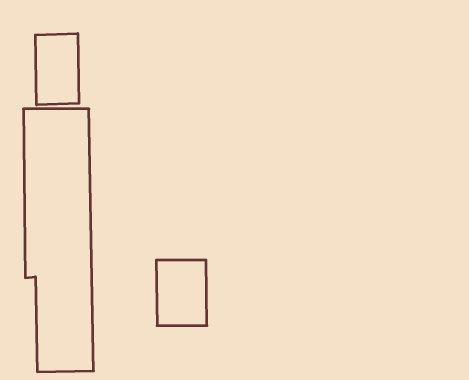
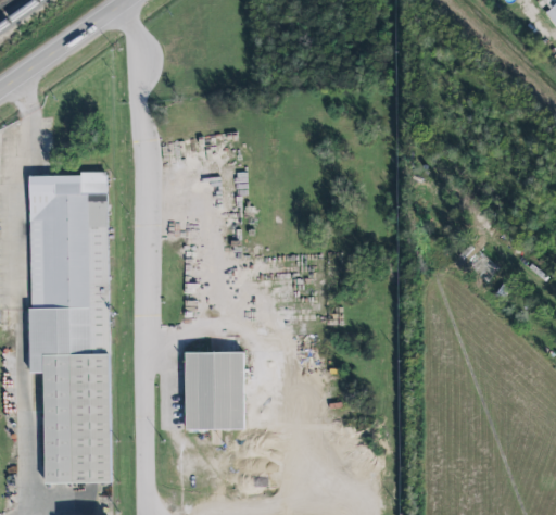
building: [35,33,79,105] -> none

